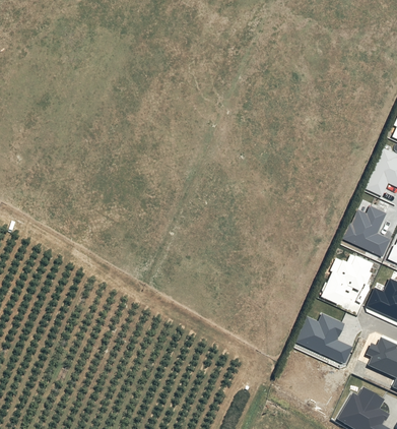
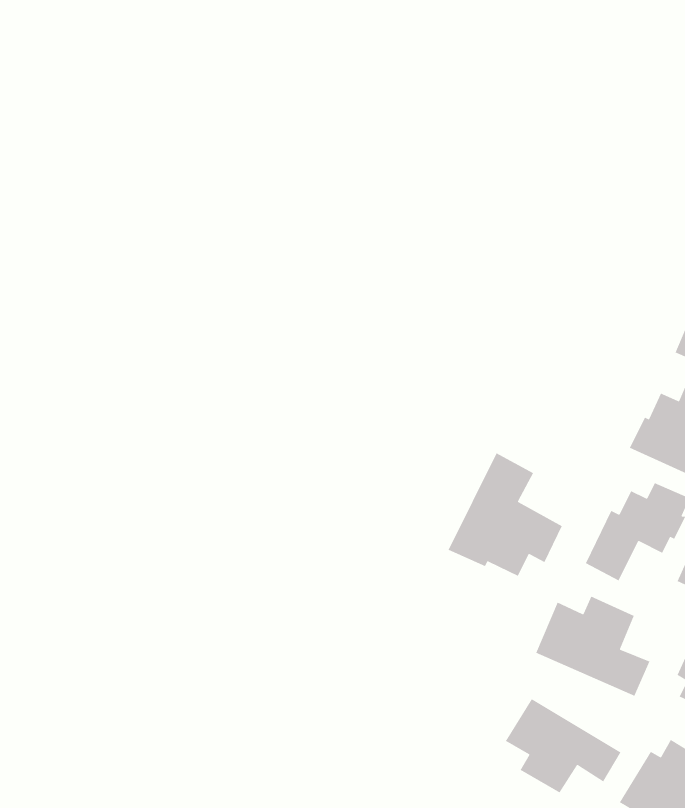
building: none -> [447,452,563,577]
building: none -> [505,698,622,794]

